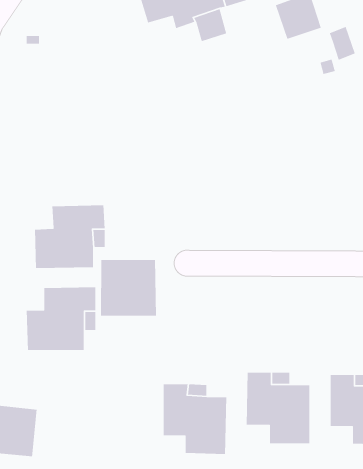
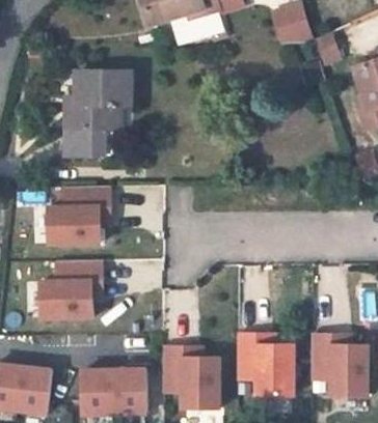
building: none -> [64,70,133,156]
building: [100,259,157,317] -> none
building: none -> [82,369,146,412]

